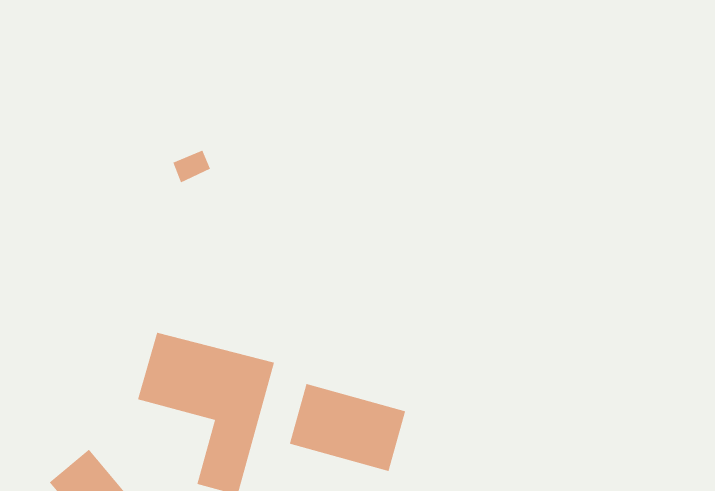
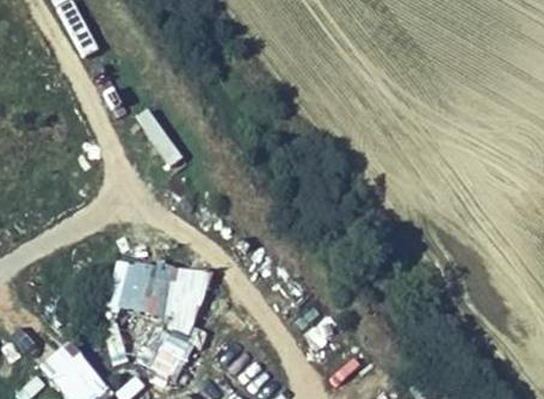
building: [289,383,406,472] -> none

